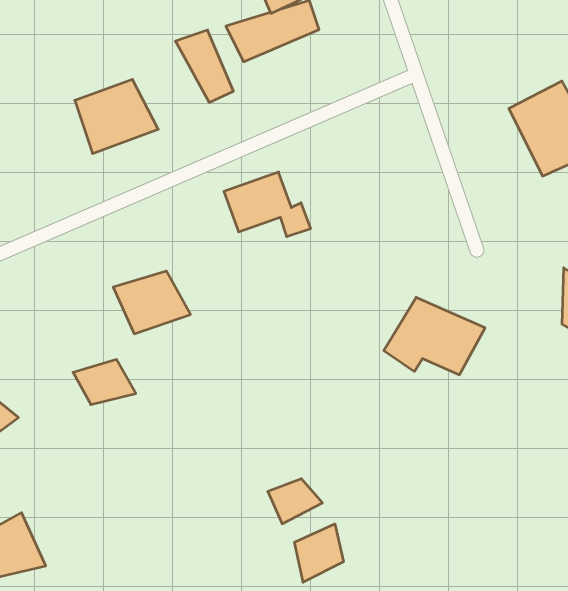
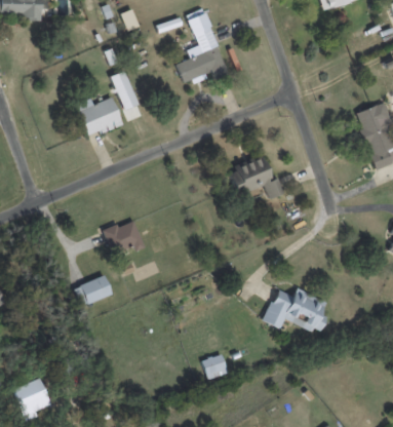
building: [175,30,233,102] -> [106,67,143,113]
building: [224,172,311,237] -> [227,157,282,198]
building: [384,297,485,375] -> [261,284,325,334]
building: [295,524,343,582] -> none

